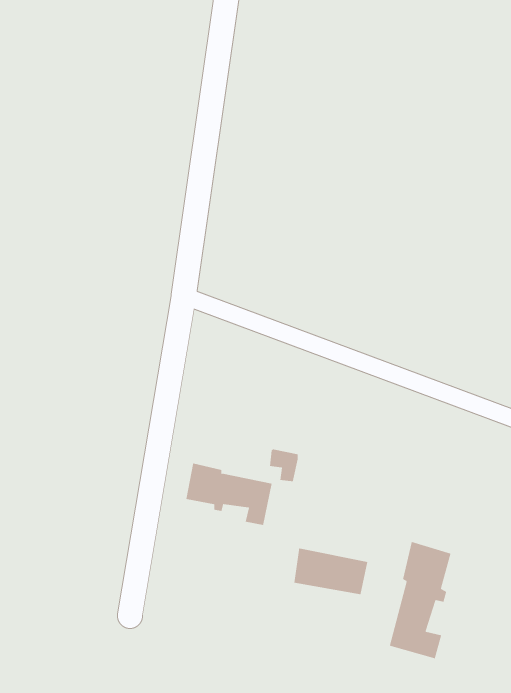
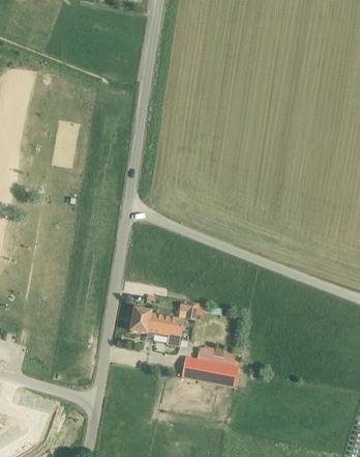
building: [389,541,451,659] -> none

